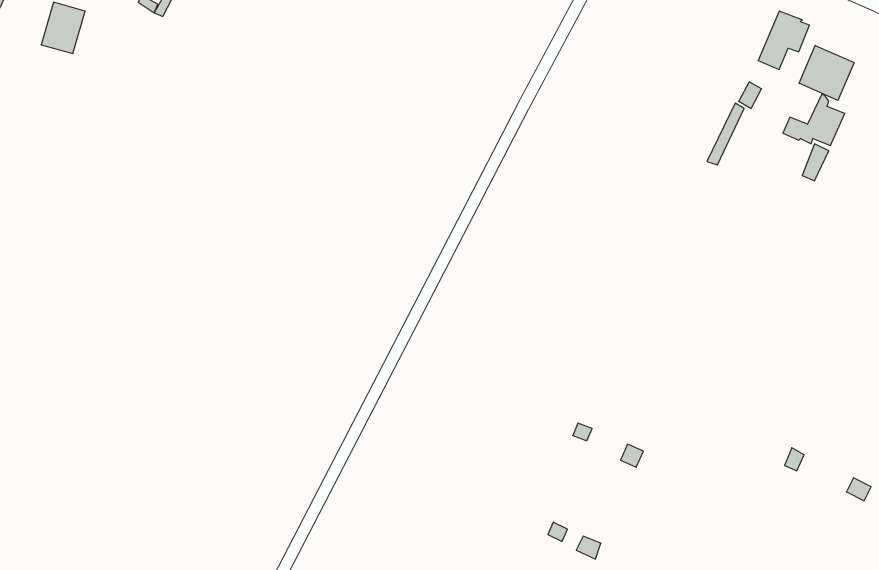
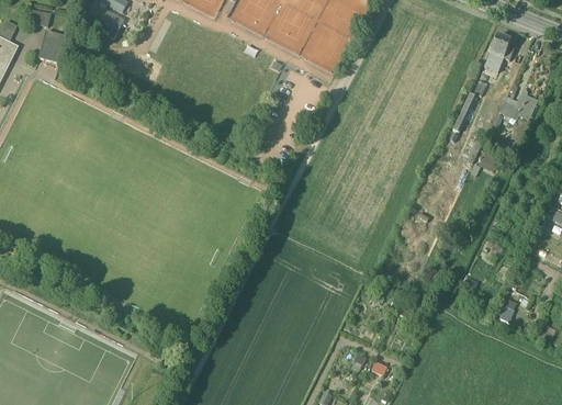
building: [799,45,854,100] -> none

